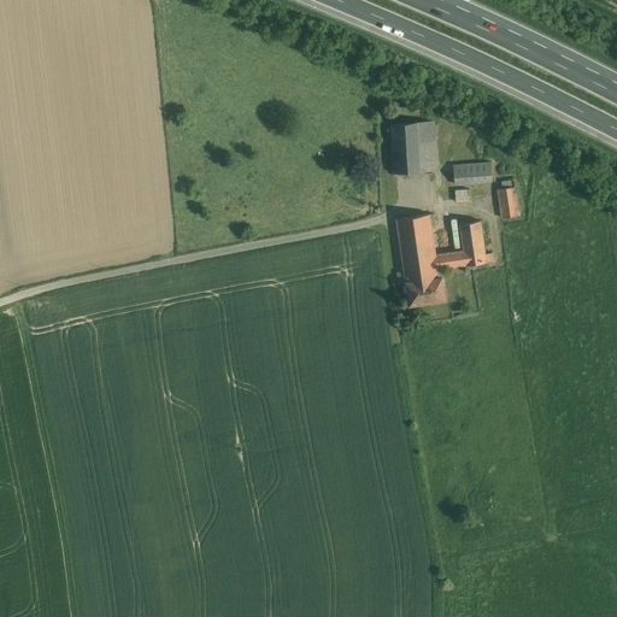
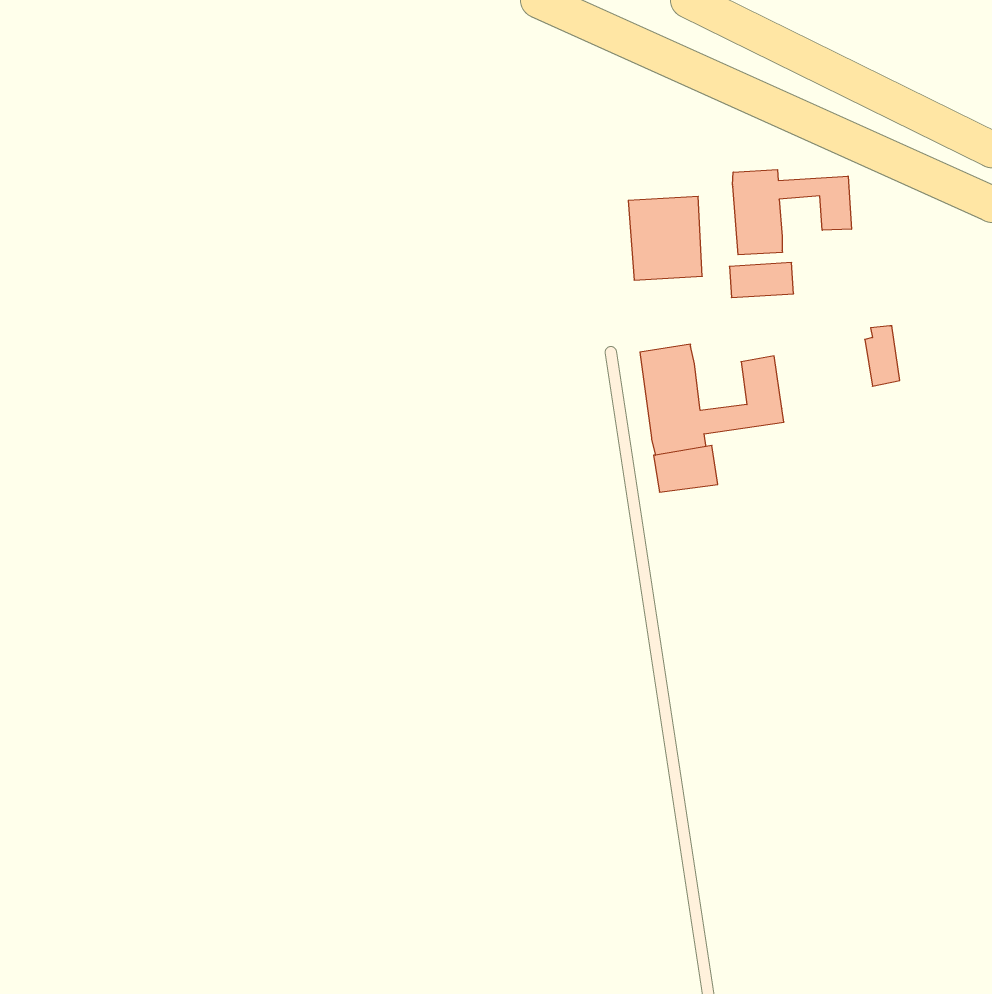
building: none -> [733,170,851,255]
building: [496,181,518,218] -> [865,326,900,386]

